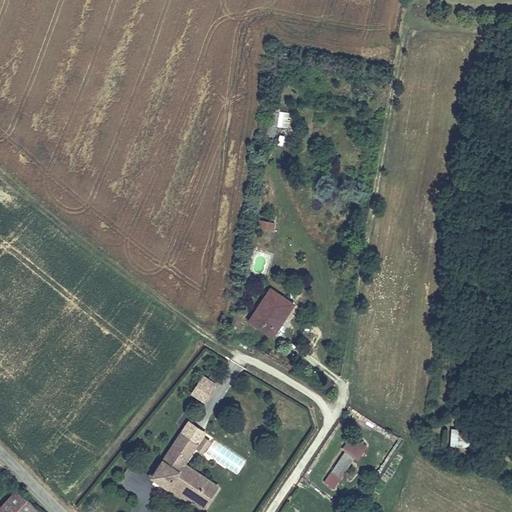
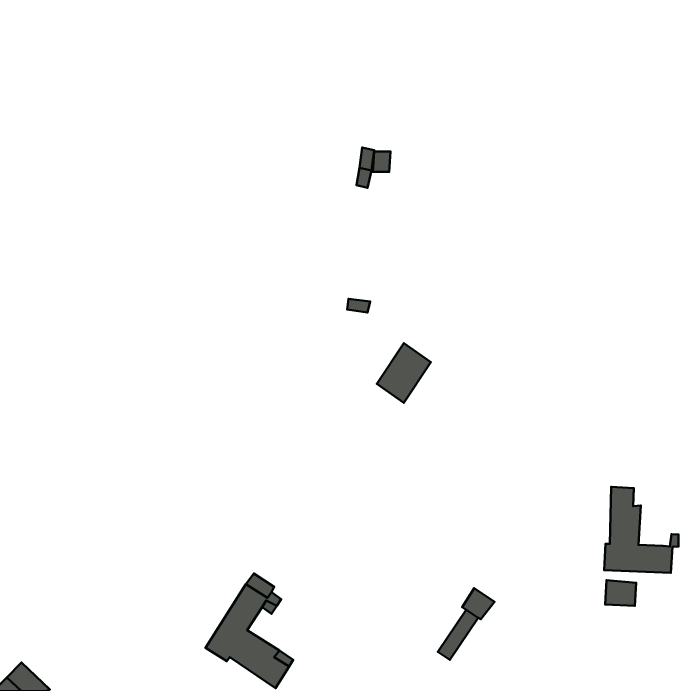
building: [251,291,291,335] -> [377,343,431,403]
building: none -> [604,487,678,573]
building: [189,375,217,404] -> none

